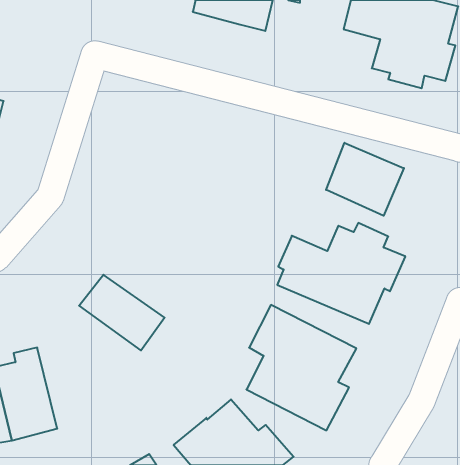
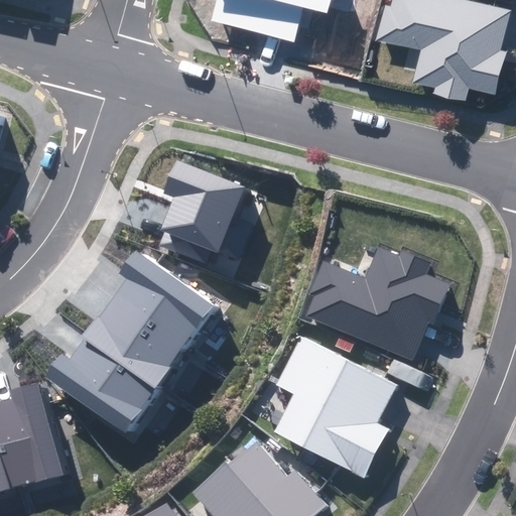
building: [326,143,404,216] -> none
building: none -> [154,160,247,265]
building: none -> [115,253,217,352]
building: none -> [46,339,156,433]

